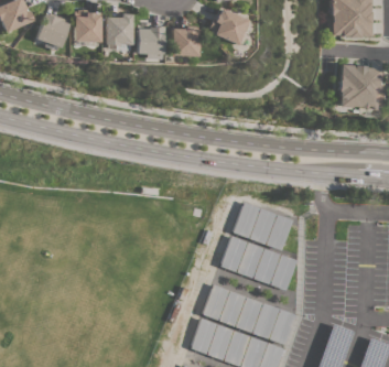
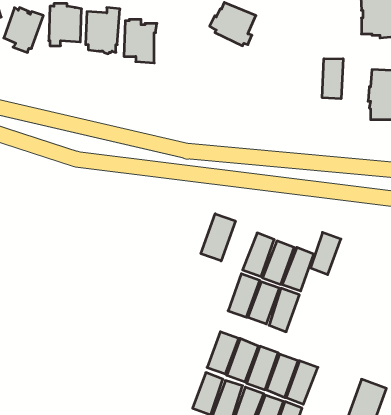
building: [170,26,197,56] -> none
building: none -> [322,59,343,99]
building: none -> [201,214,235,261]
building: [273,255,299,290] -> [311,232,341,275]

